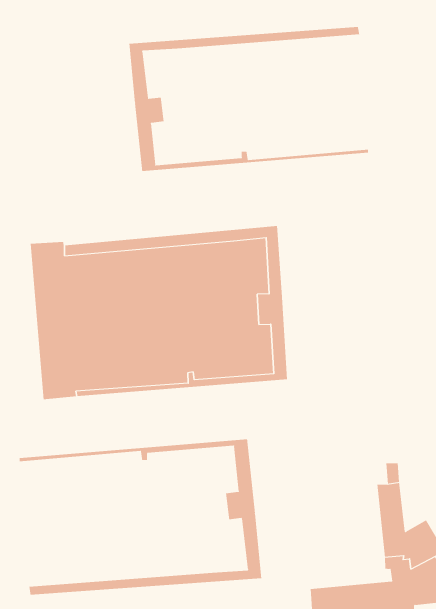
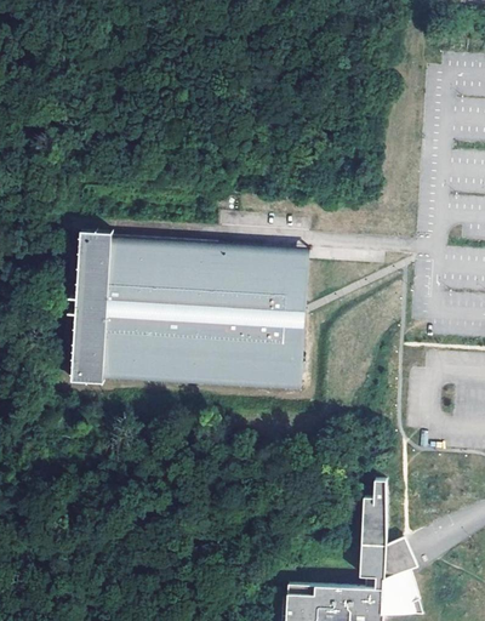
building: [129,26,369,172] -> none
building: [19,438,262,596] -> none

